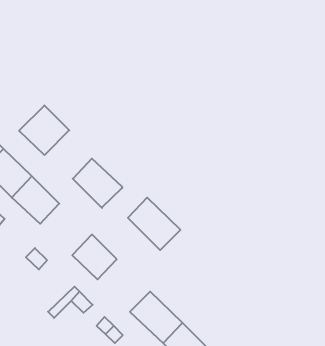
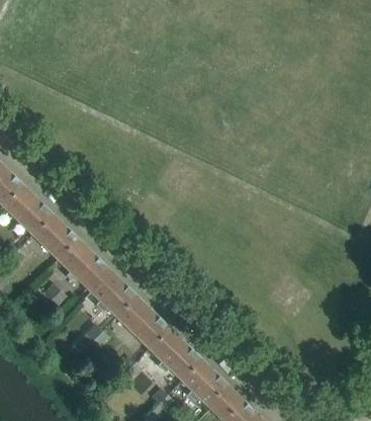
building: [19,105,69,155] -> none
building: [73,159,122,208] -> [59,239,108,288]
building: [128,198,180,250] -> [116,294,169,347]

